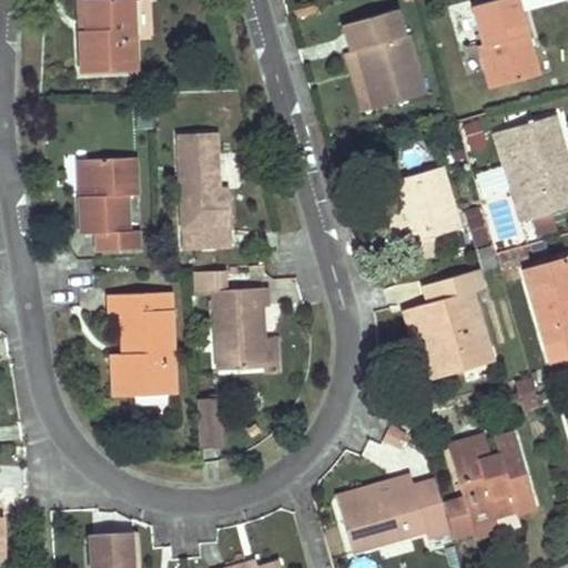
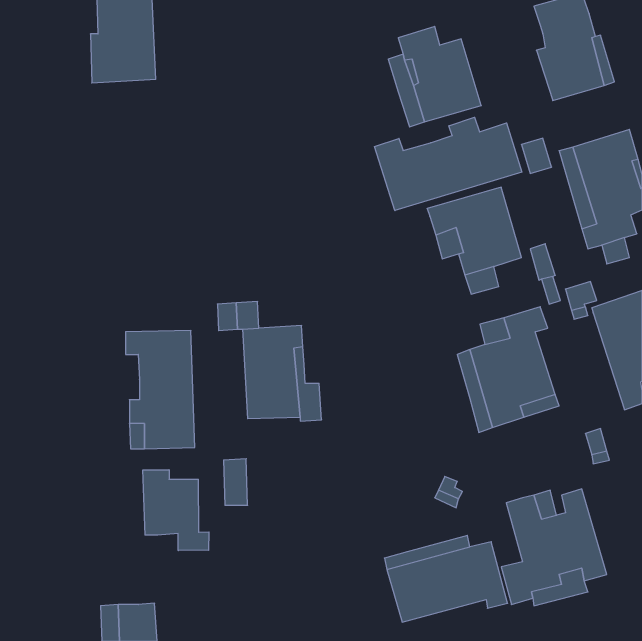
building: none -> [375,117,522,211]
building: [181,131,232,246] -> none
building: [81,158,138,250] -> none
building: none -> [143,470,209,551]

